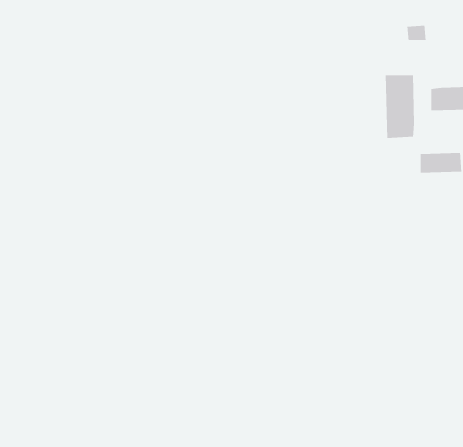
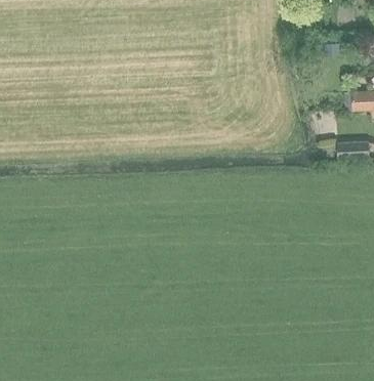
building: [385,75,415,139] -> none

